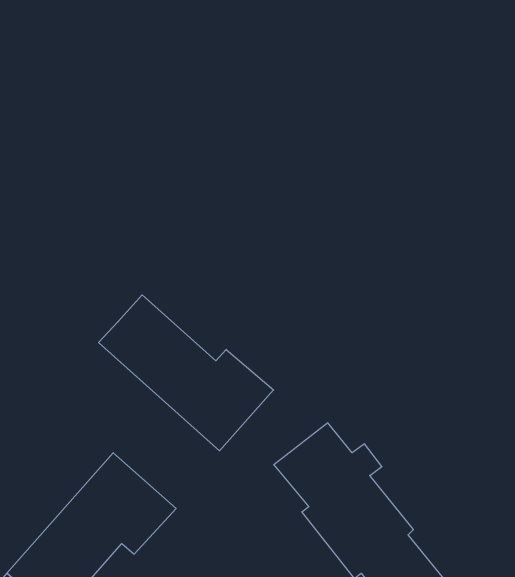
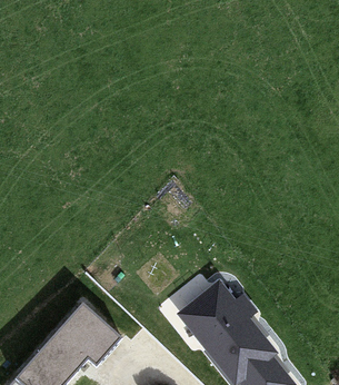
building: [99,295,274,451] -> none

